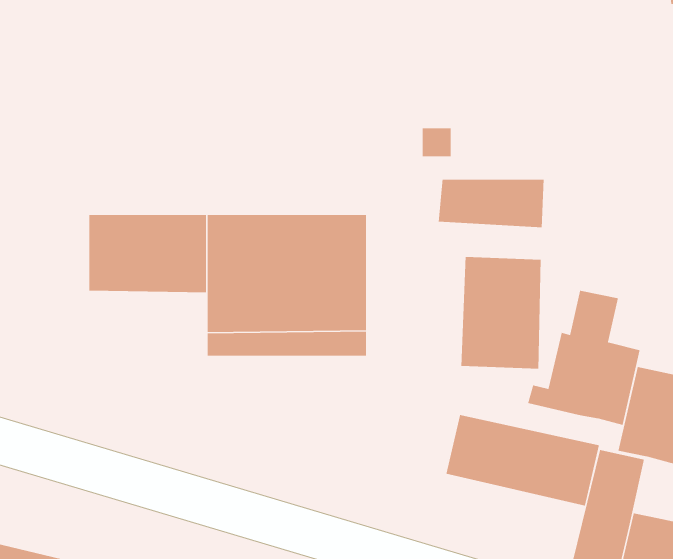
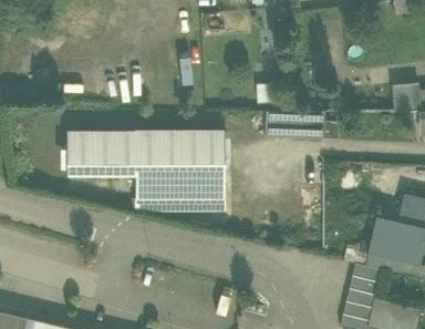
building: [461,256,541,370] -> none
building: [527,290,641,426] -> none
building: [446,414,600,506] -> none

